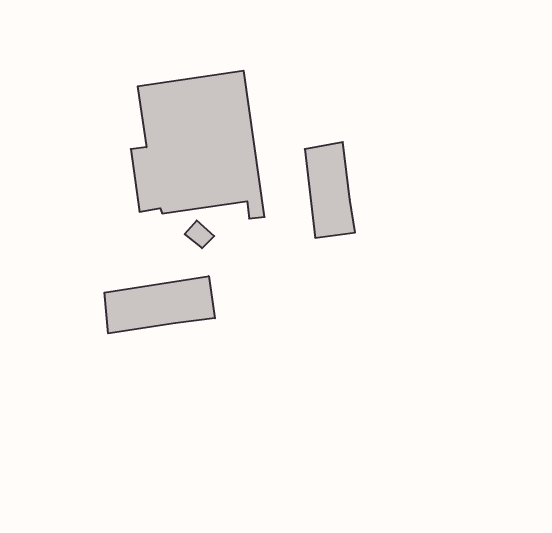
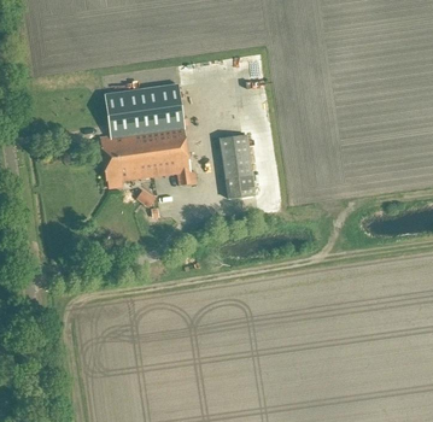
building: [104,276,215,333] -> none

